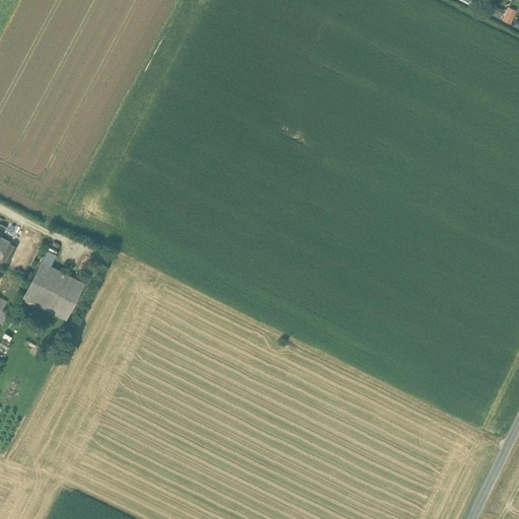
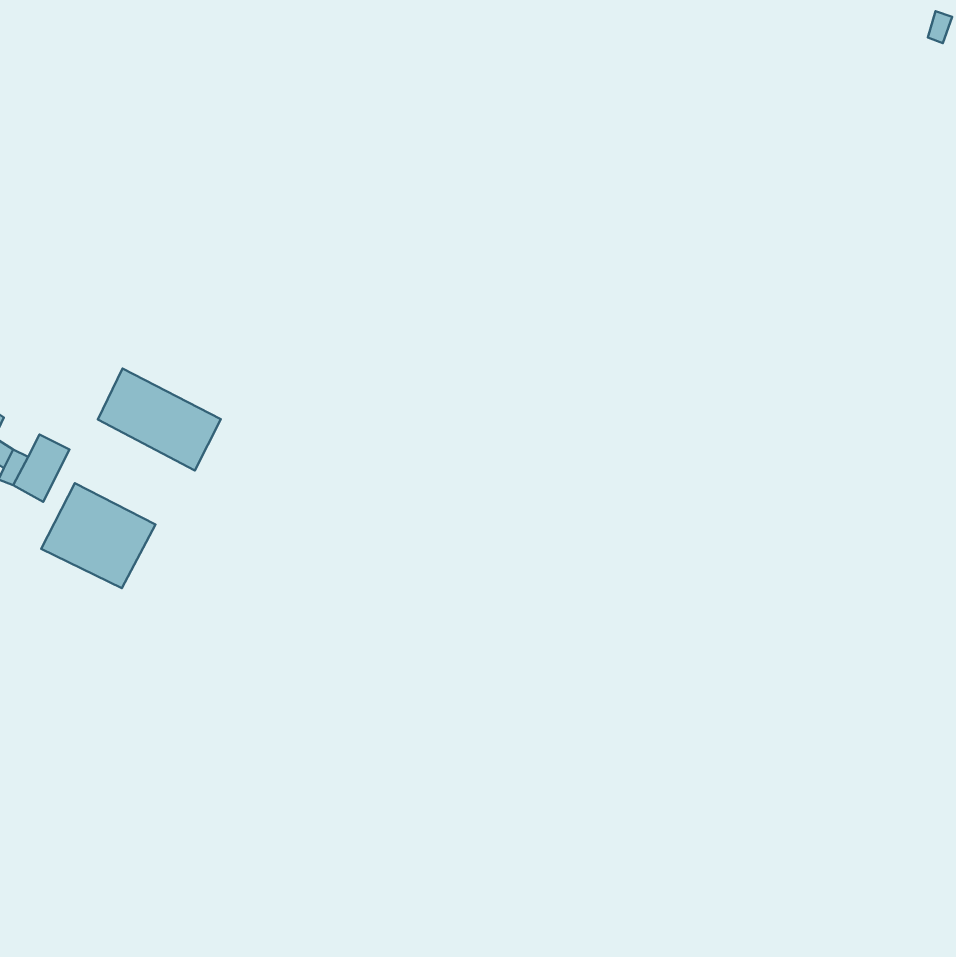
building: none -> [98,369,221,471]

